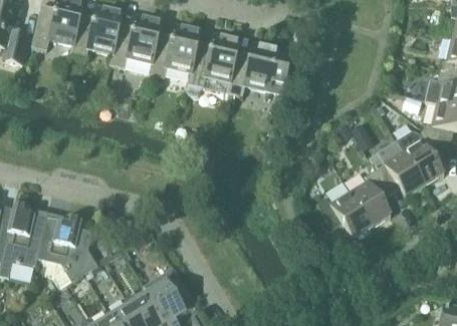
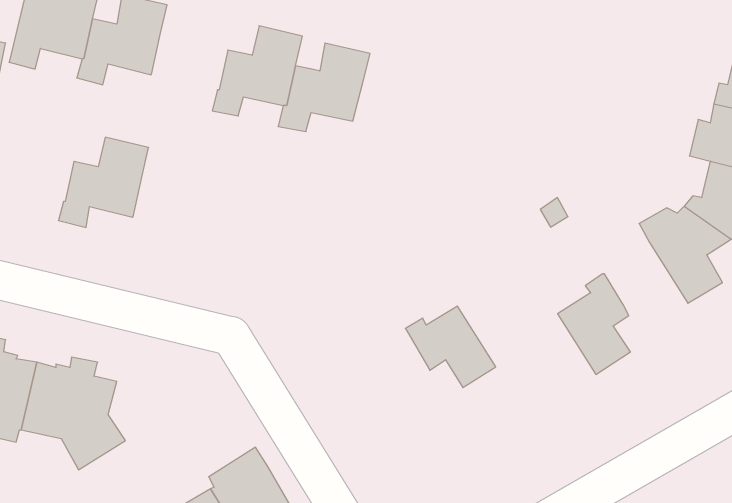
building: [108,15,161,67] -> [58,137,149,227]
building: [226,43,288,95] -> none
building: [367,138,423,197] -> none
building: [317,191,370,238] -> [405,306,496,388]

